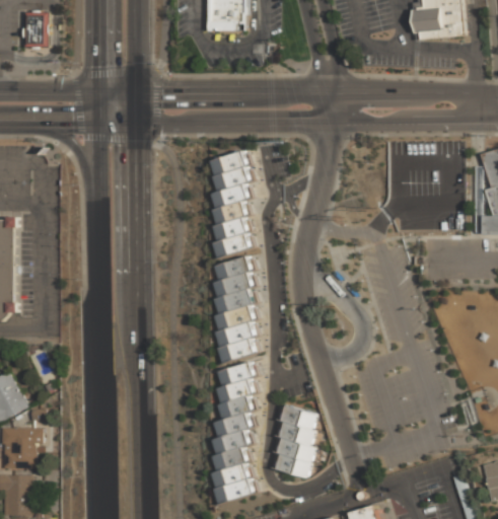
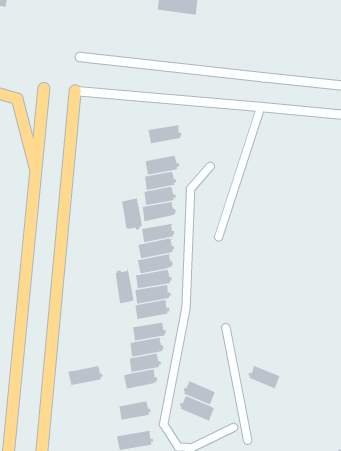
building: [213,166,251,192] -> none
building: none -> [121,197,143,232]
building: none -> [115,268,135,304]
building: [279,405,314,429] -> [247,365,281,390]
building: [211,430,250,455] -> [68,365,103,386]
building: [275,453,310,477] -> none
building: [211,463,250,488] -> none

